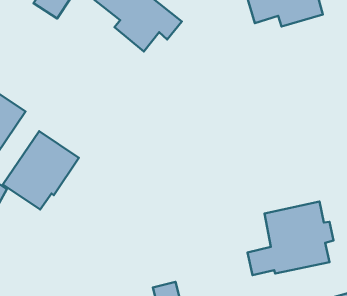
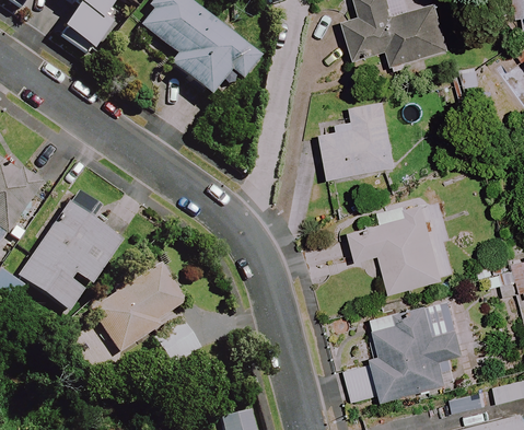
building: none -> [323,97,399,177]
building: none -> [352,213,443,292]
building: none -> [91,264,201,367]

